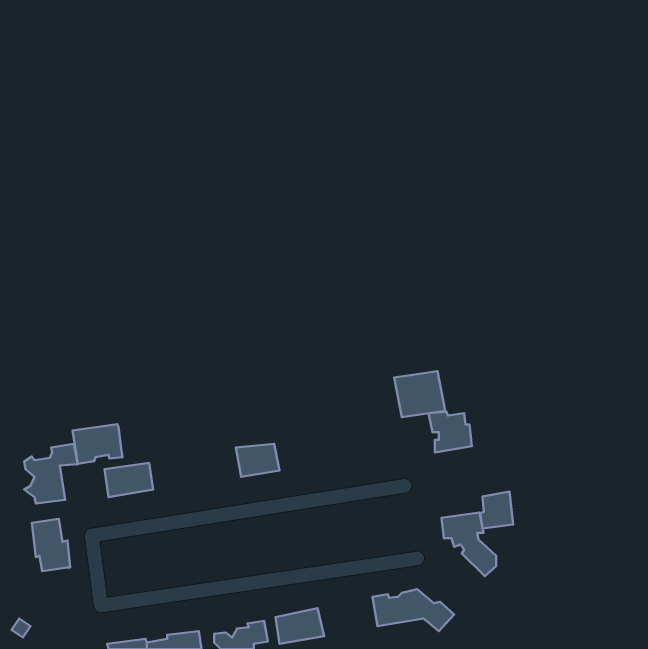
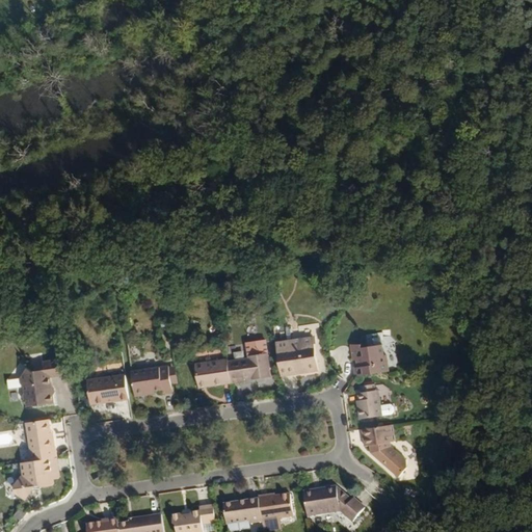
building: [394,371,445,417] -> [271,337,313,374]
building: [73,424,122,464] -> [129,367,169,399]
building: none -> [223,352,267,383]
building: [480,491,513,528] -> [354,382,381,413]
building: none -> [16,462,57,505]
building: none -> [259,489,297,518]

